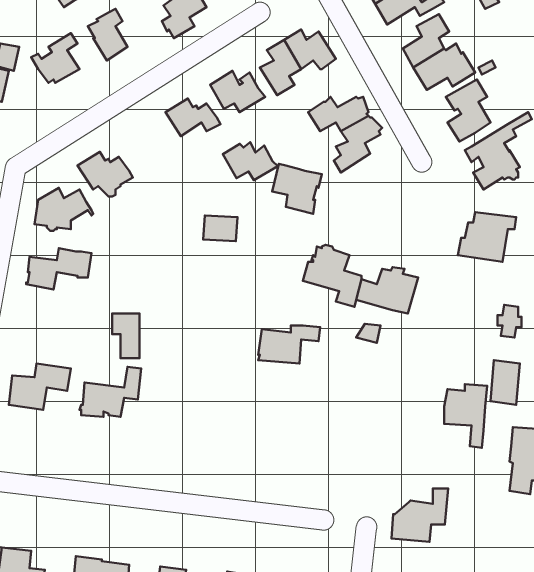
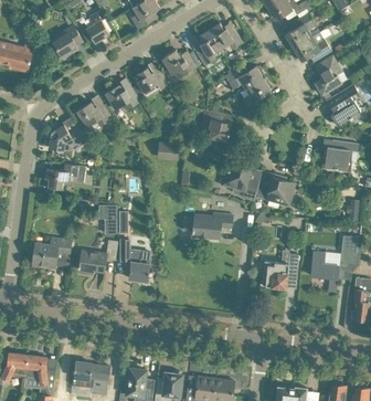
building: [223,142,278,180] -> [105,85,140,109]
building: none -> [120,240,151,281]
building: [392,488,448,542] -> [262,254,298,288]

